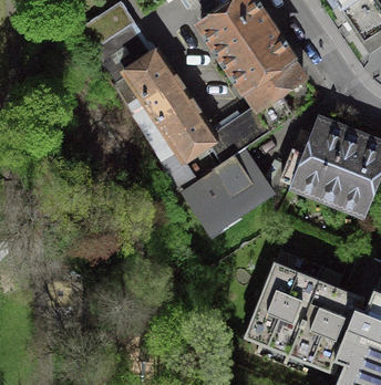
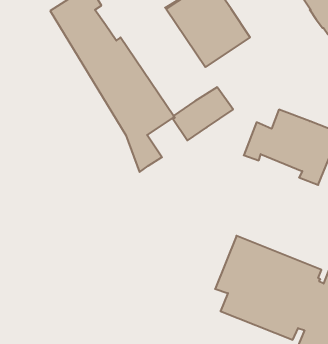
building: [243,56,303,132] -> none
building: [183,150,271,233] -> none

